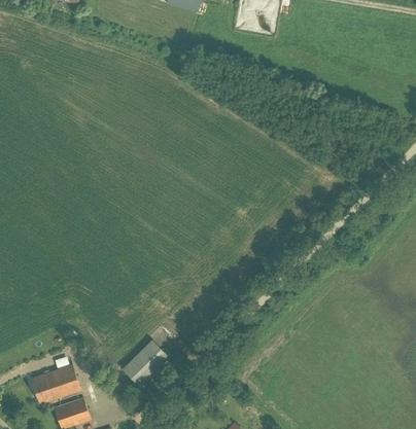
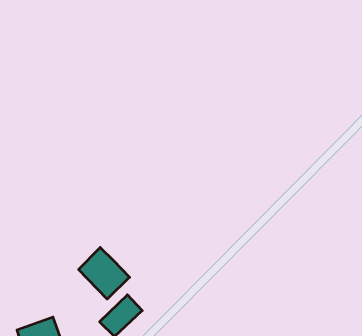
building: none -> [79,247,130,299]

